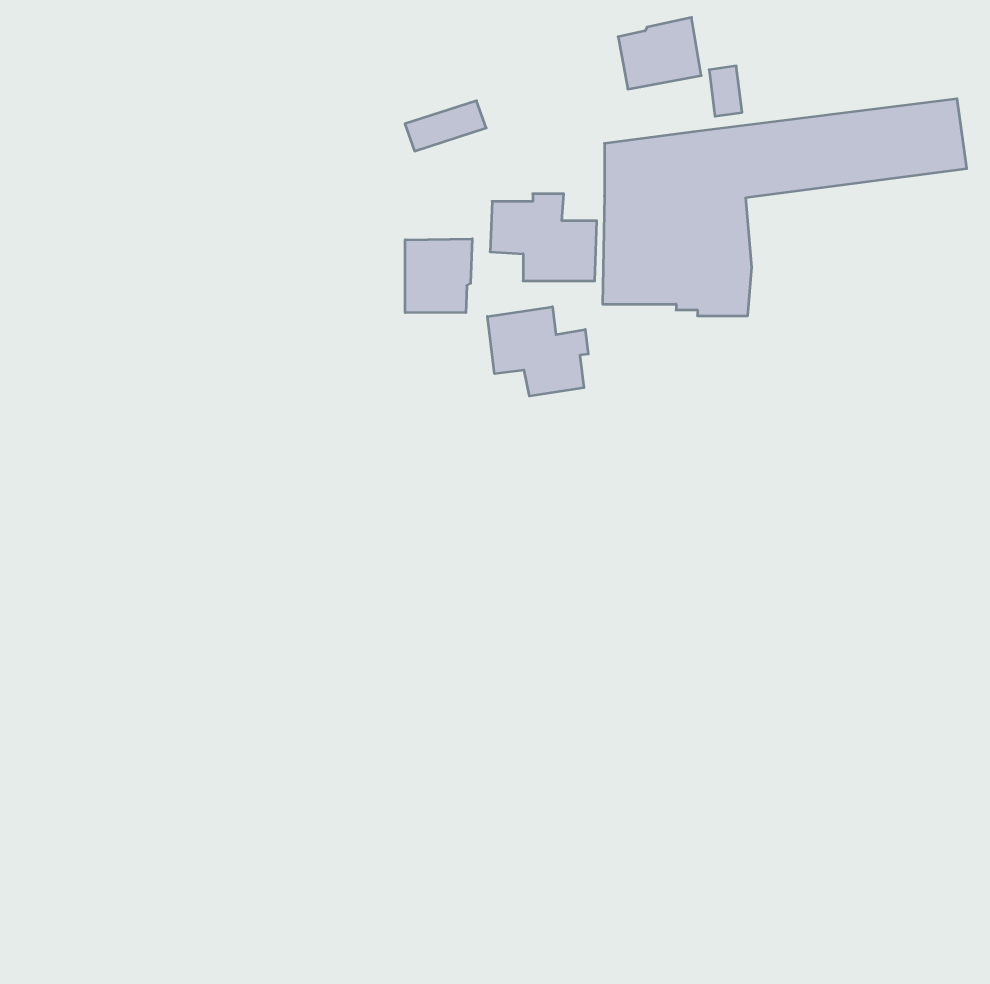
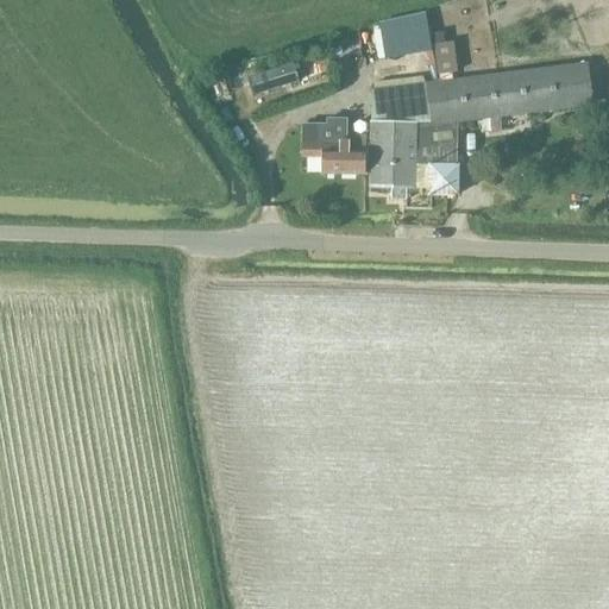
building: [405,239,472,313] -> none
building: [487,307,588,396] -> none

